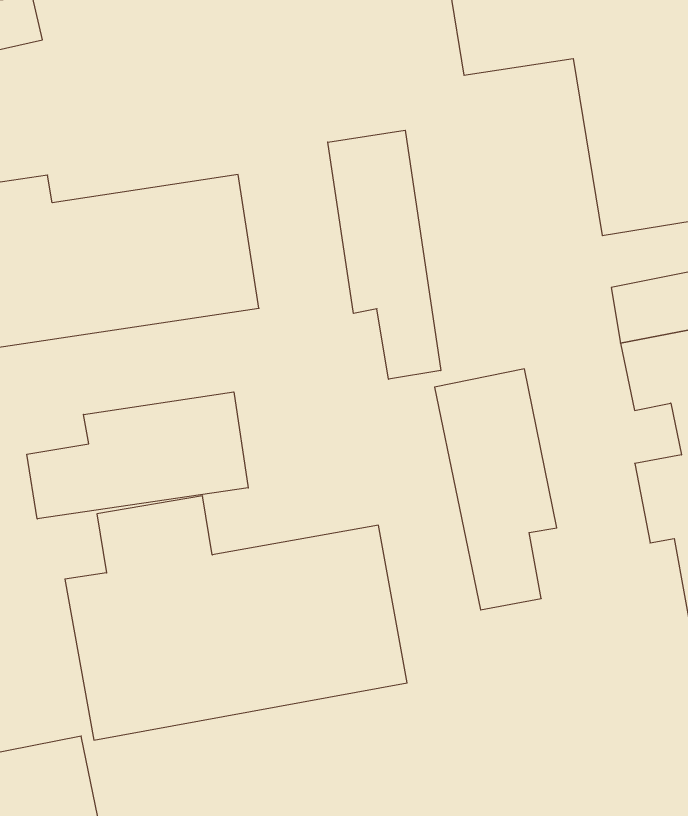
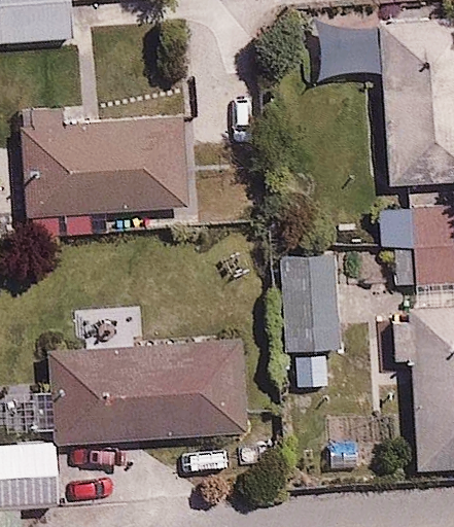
building: [328,130,441,379] -> none
building: [27,392,248,519] -> none

